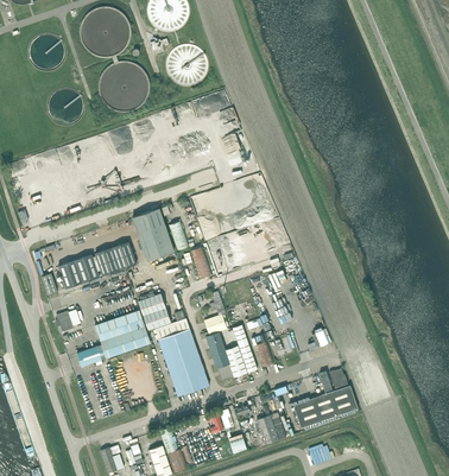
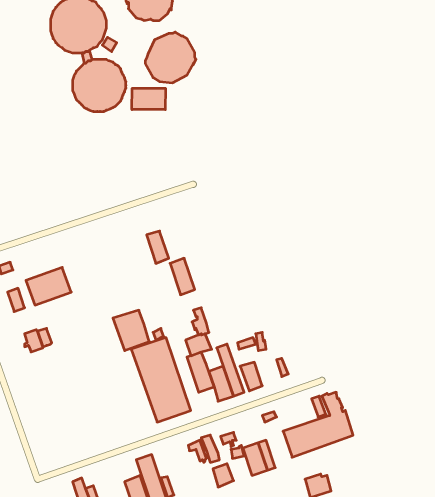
building: none -> [132,88,165,110]
building: [132,208,173,260] -> none
building: [94,241,135,275] -> none
building: [76,311,145,366] -> none

